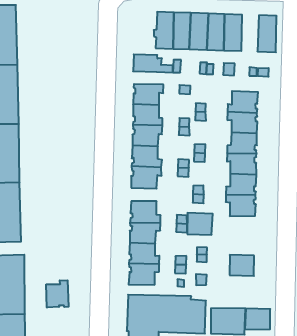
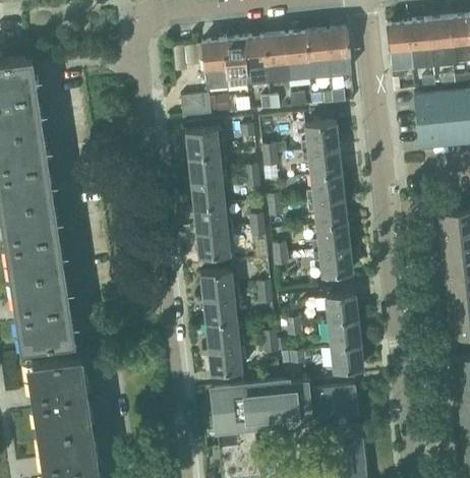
building: none -> [304,29,329,75]
building: [187,213,213,235] -> [325,294,357,322]
building: [46,280,69,308] -> none
building: [245,308,270,329] -> [331,344,363,372]

